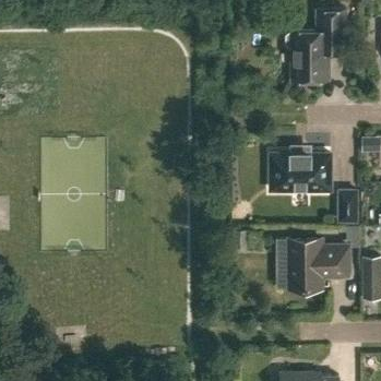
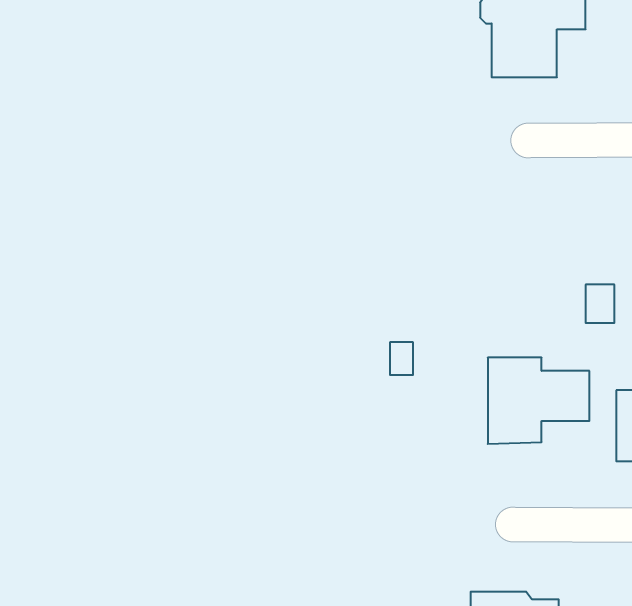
building: [270,154,330,190] -> none

